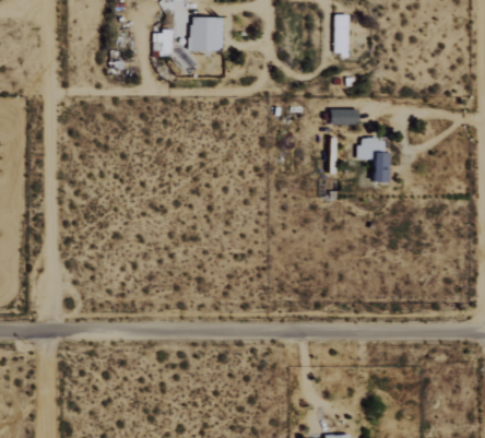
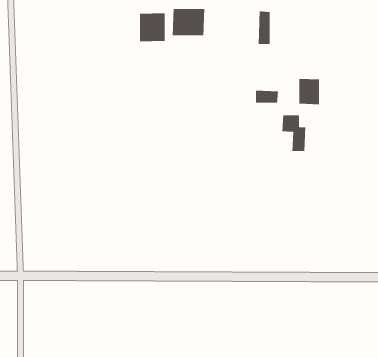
building: none -> [172,8,205,36]
building: none -> [299,78,319,105]

